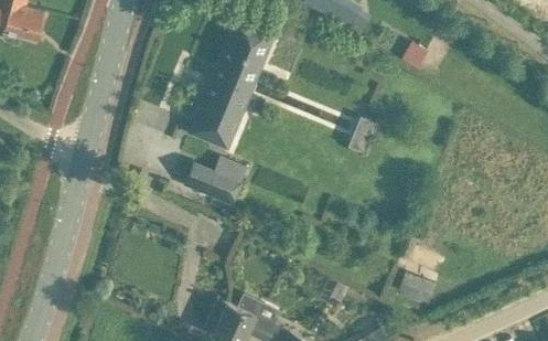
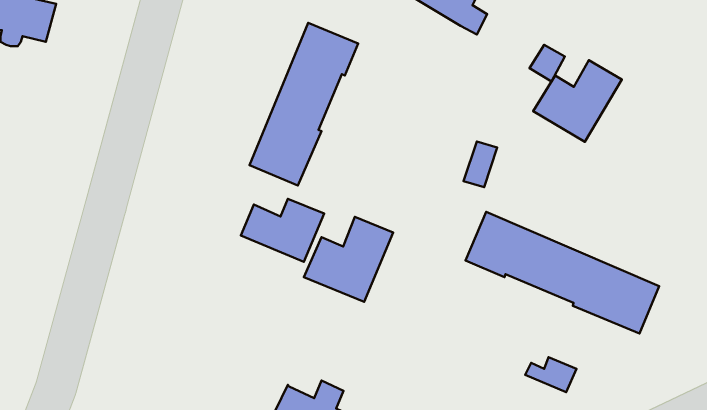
building: none -> [533,60,622,142]
building: none -> [465,212,659,334]
building: none -> [304,217,393,302]

